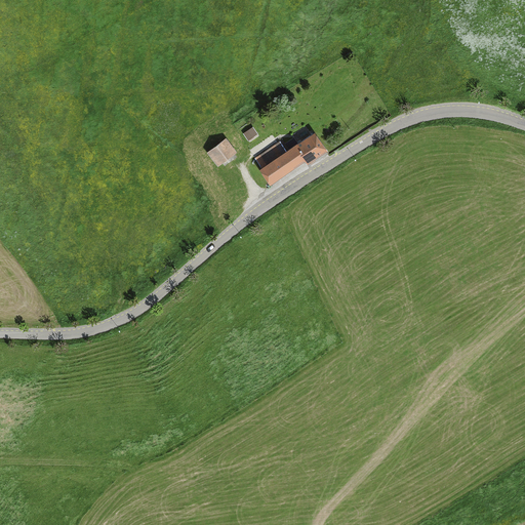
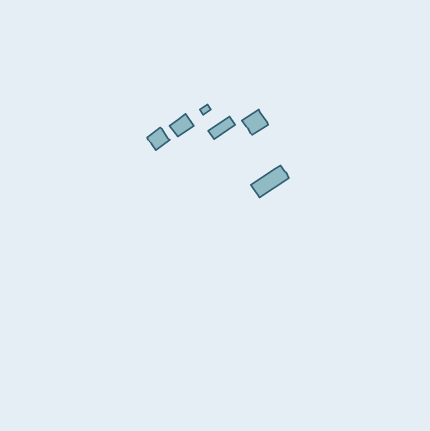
building: [258,147,305,186] -> [251,165,289,197]
building: none -> [147,127,170,150]

